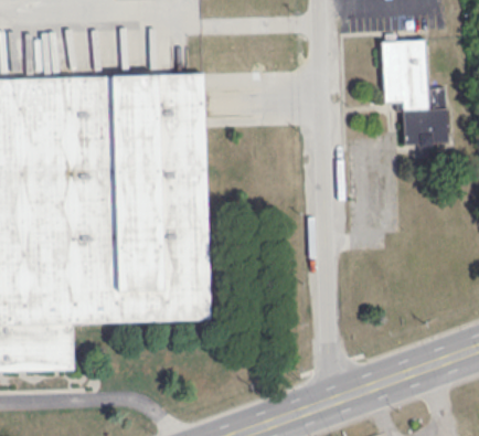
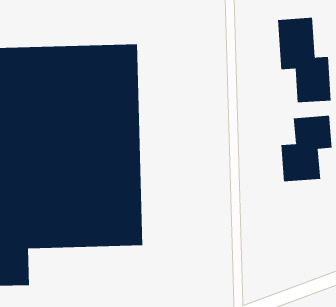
building: none -> [281,115,332,182]

